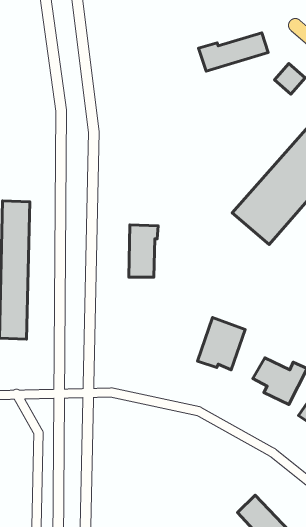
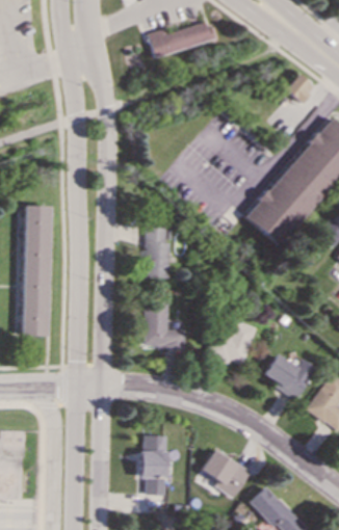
building: [199,33,268,71] -> [149,21,215,57]
building: none -> [144,302,186,348]
building: none -> [139,435,166,495]
building: none -> [201,450,250,498]

